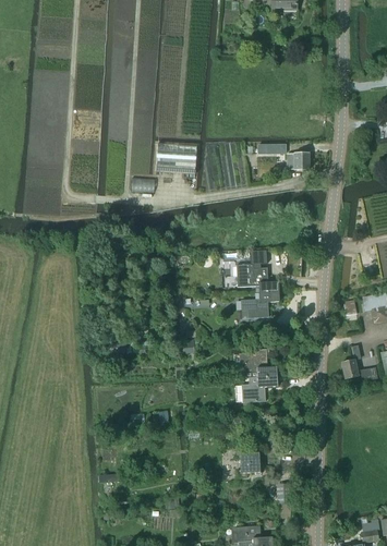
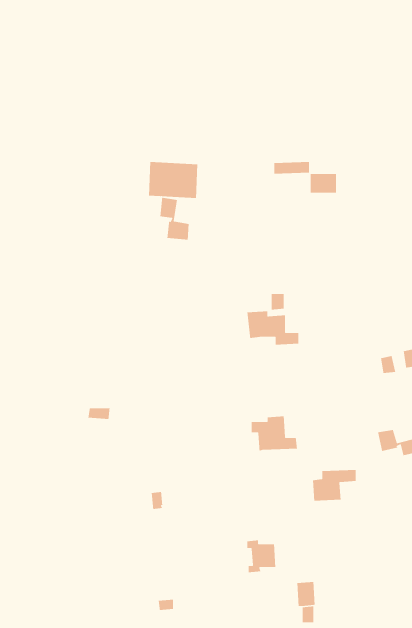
building: none -> [160,197,189,241]
building: [241,291,279,318] -> none
building: [241,376,277,402] -> [312,469,356,502]

